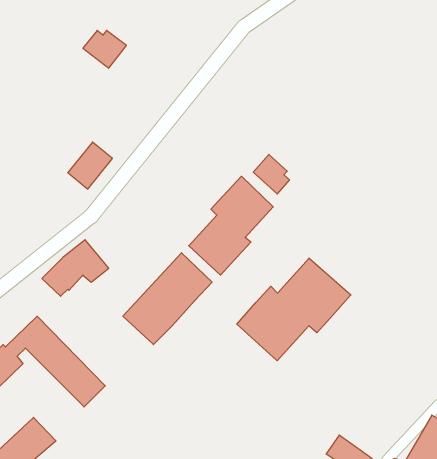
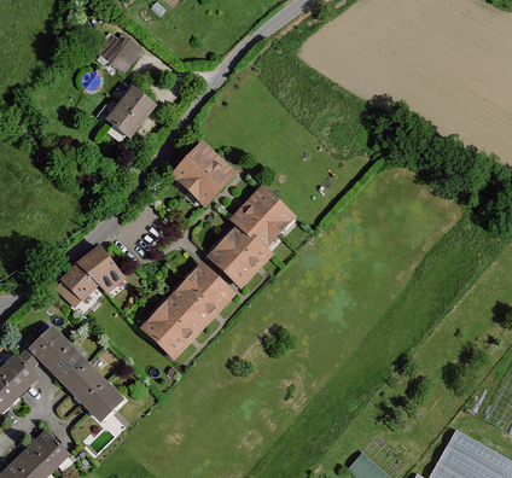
building: none -> [171,141,234,204]
building: [68,142,112,189] -> [110,89,156,138]
building: [253,154,289,194] -> none
building: [237,258,351,361] -> none

